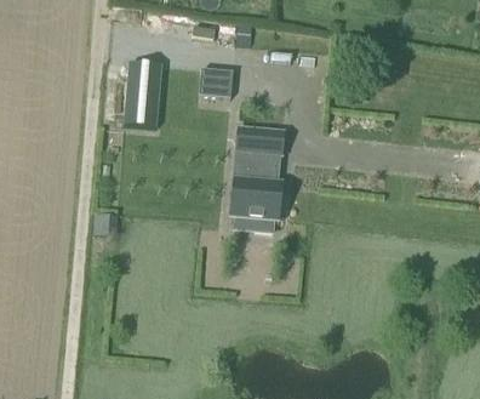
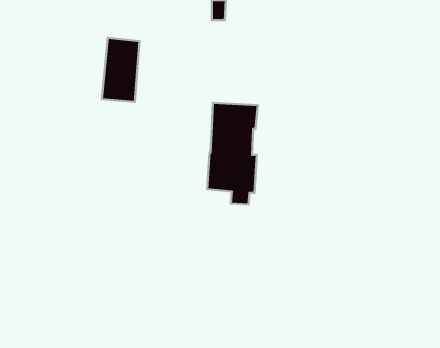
building: [199,67,233,96] -> none

